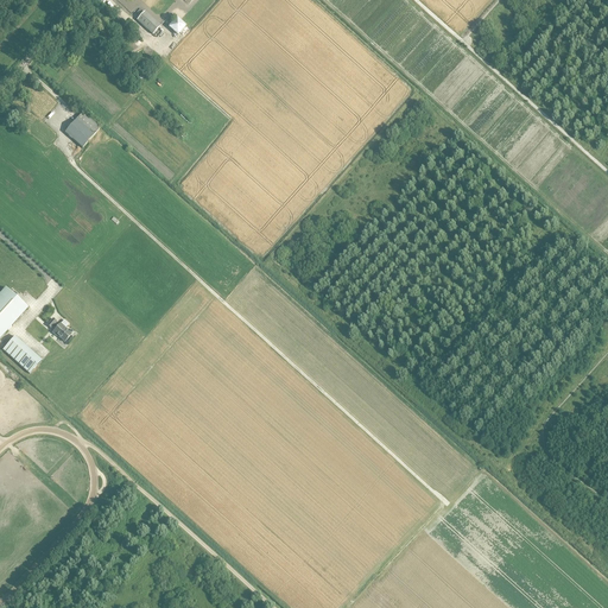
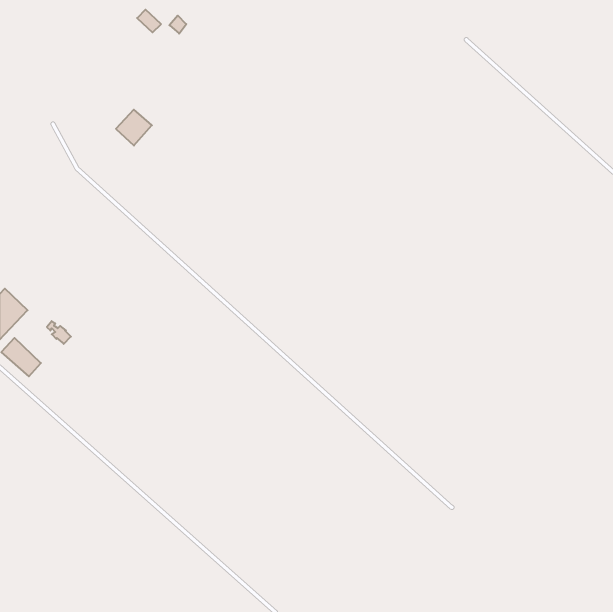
building: [63,110,99,146] -> [116,110,152,146]

